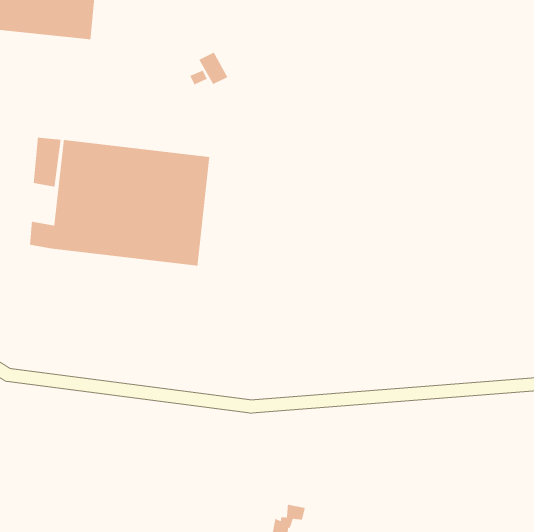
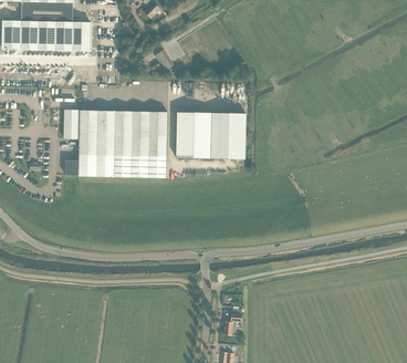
building: none -> [175,112,244,158]

